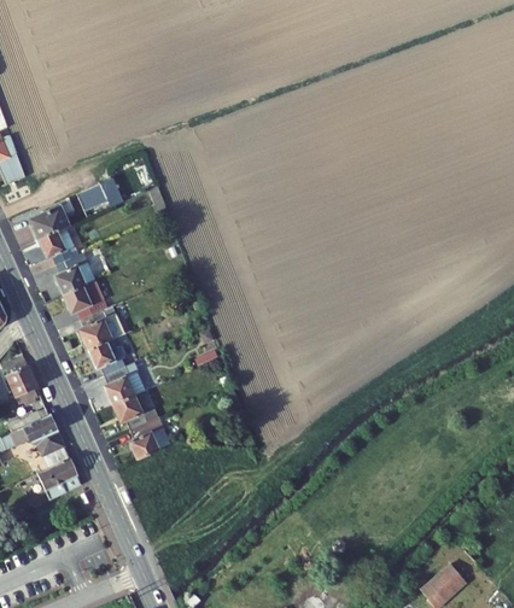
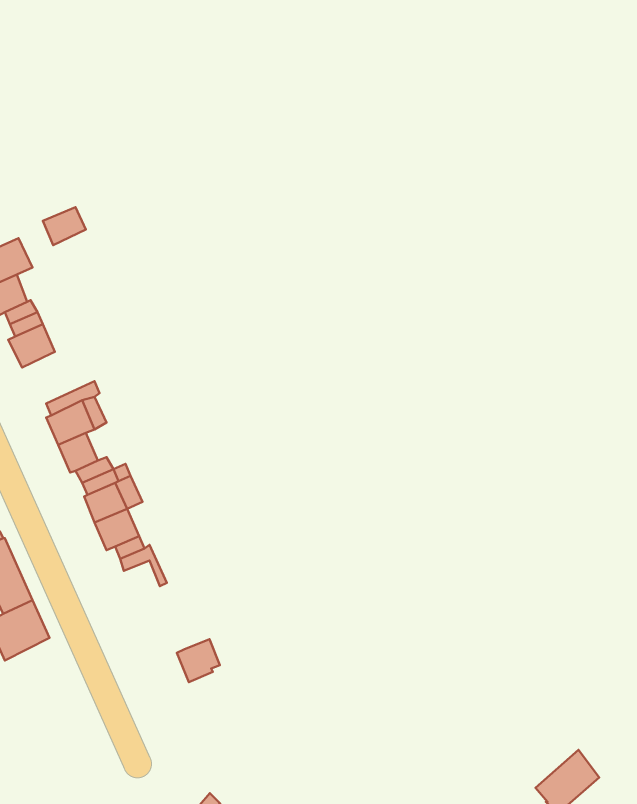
building: [62,285,94,320] -> none
building: [128,429,158,460] -> [177,639,220,682]

